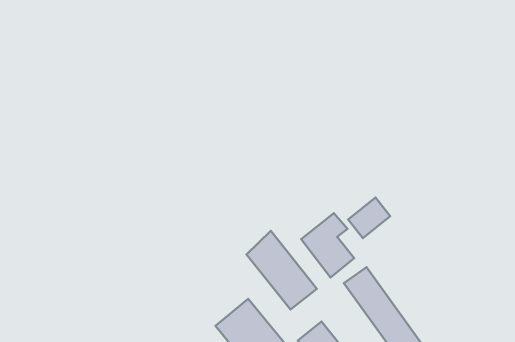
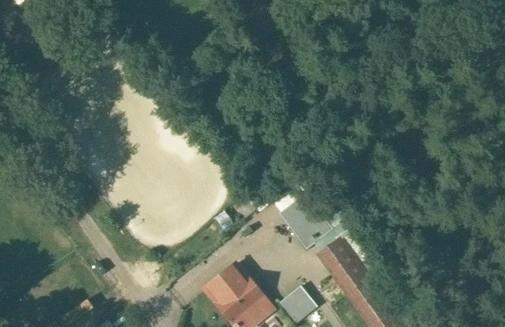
building: [348,198,390,238] -> none
building: [247,231,317,310] -> none

